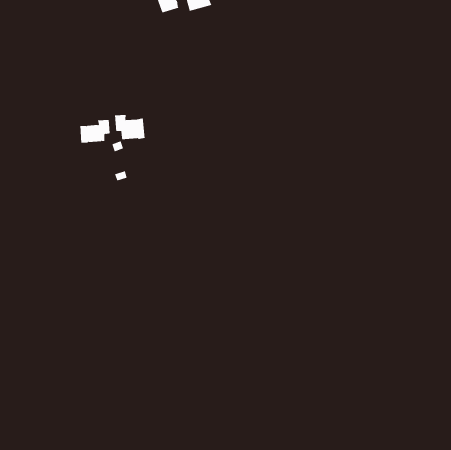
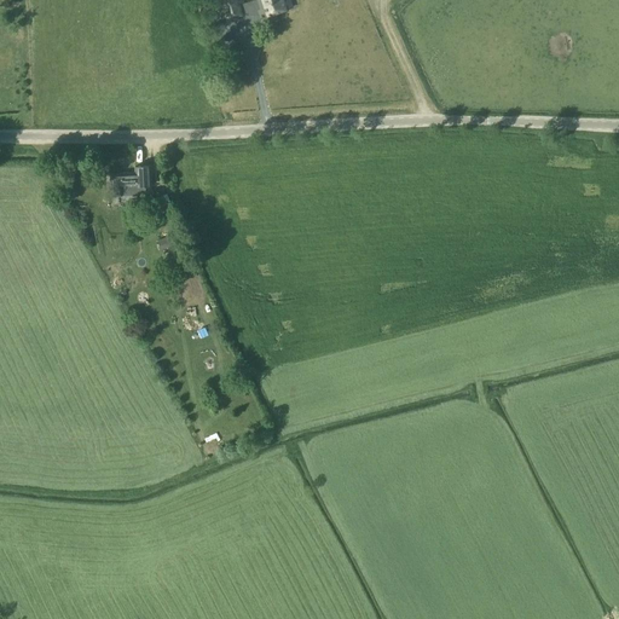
building: [114,114,145,140] -> none

